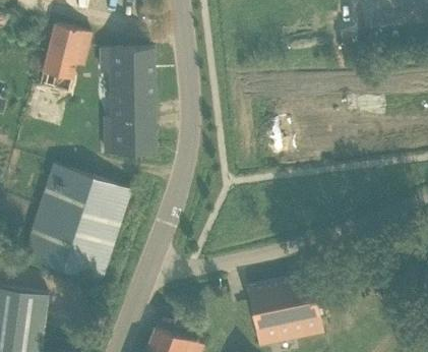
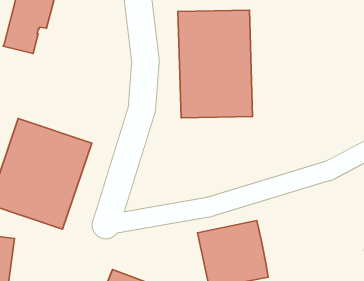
building: none -> [178,10,252,118]
building: [101,46,156,152] -> none

